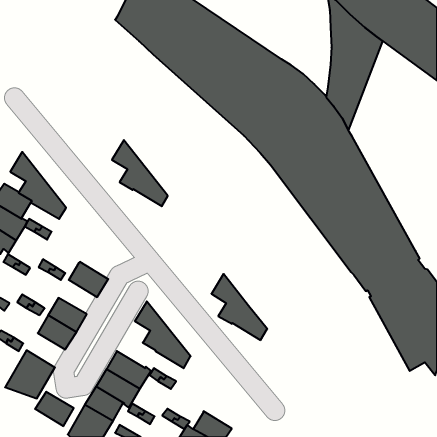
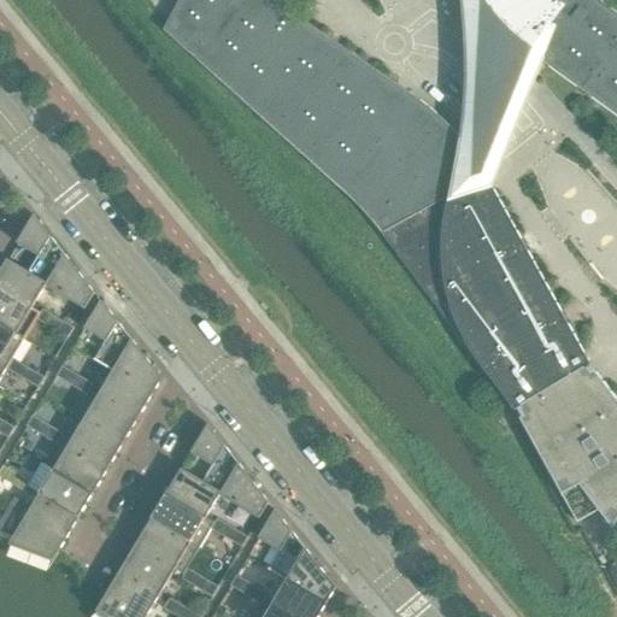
building: [112,140,168,206] -> [82,299,160,392]
building: [211,274,267,340] -> [257,509,335,601]
building: none -> [82,393,136,441]
building: none -> [164,466,218,517]
building: [35,392,74,426] -> [37,468,92,516]

